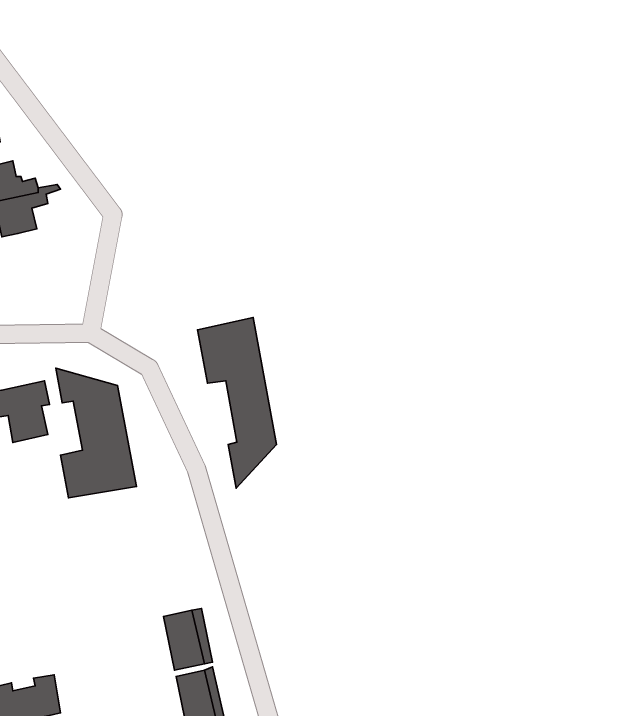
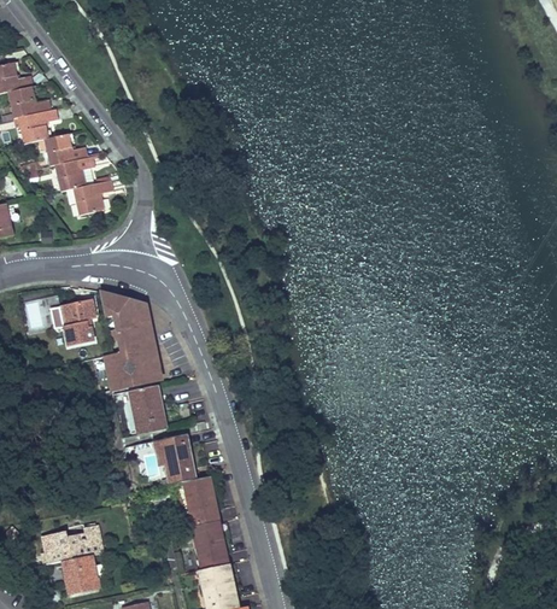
building: none -> [71,175,112,215]
building: [198,318,276,488] -> none
building: none -> [128,385,168,433]
building: none -> [153,432,198,481]

